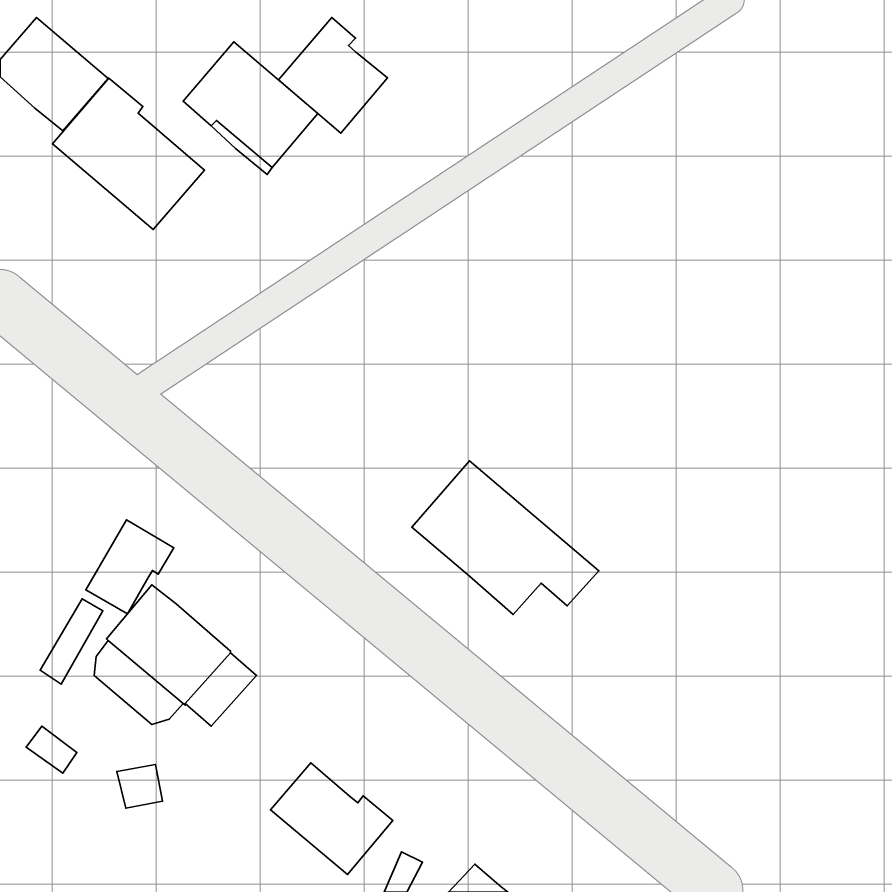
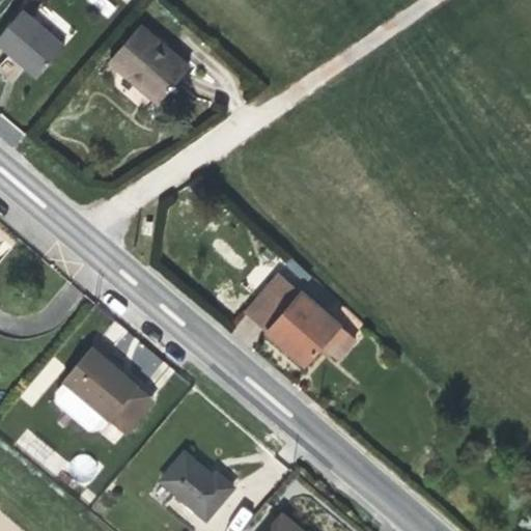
building: [278,17,387,133] -> none
building: [53,78,204,229] -> none
building: [86,520,174,614] -> none

